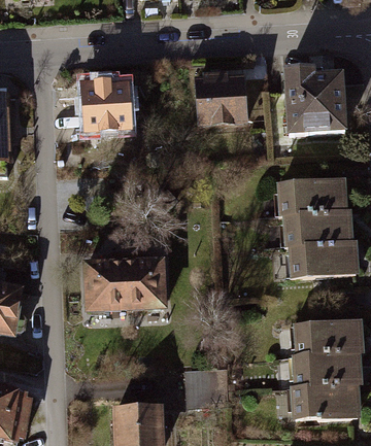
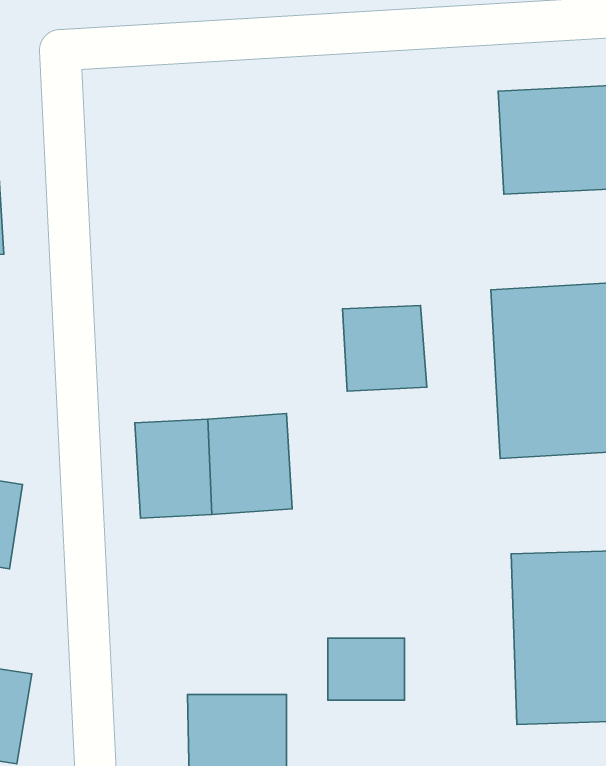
building: [190,76,242,124] -> none
building: [81,80,134,131] -> none
building: none -> [342,305,427,391]

